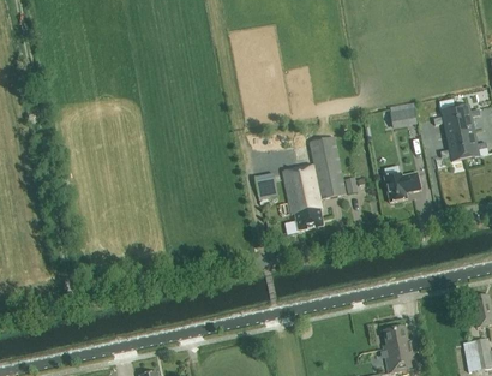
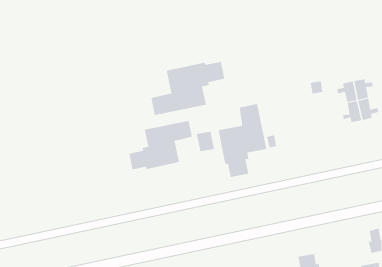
building: none -> [151,61,225,116]
building: none -> [129,120,192,170]
building: [384,171,421,201] -> none

